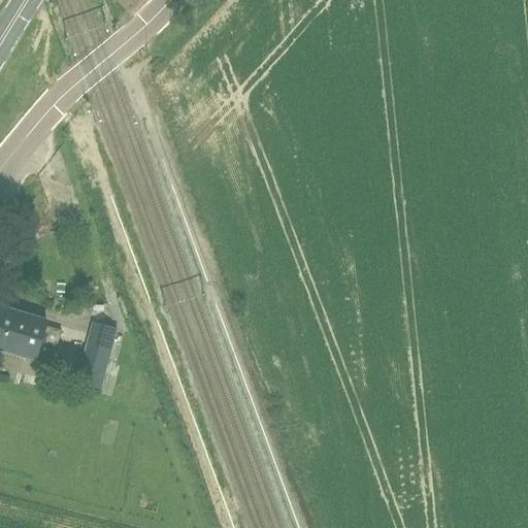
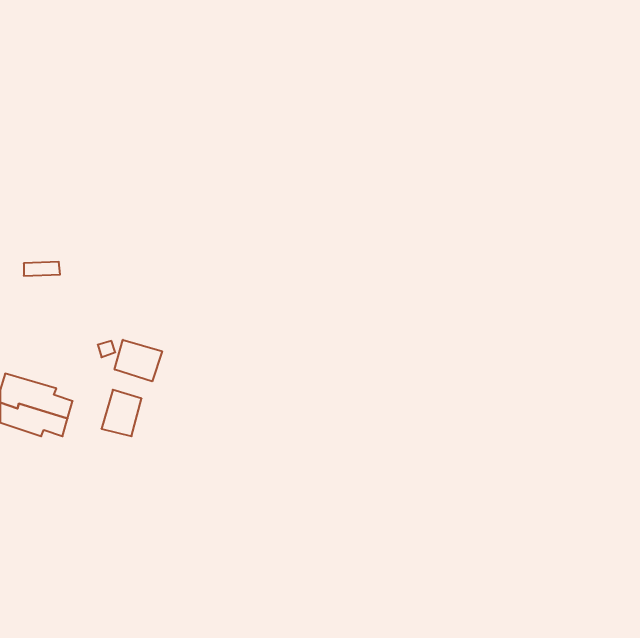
building: none -> [115,340,162,381]
building: [76,353,108,388] -> none

